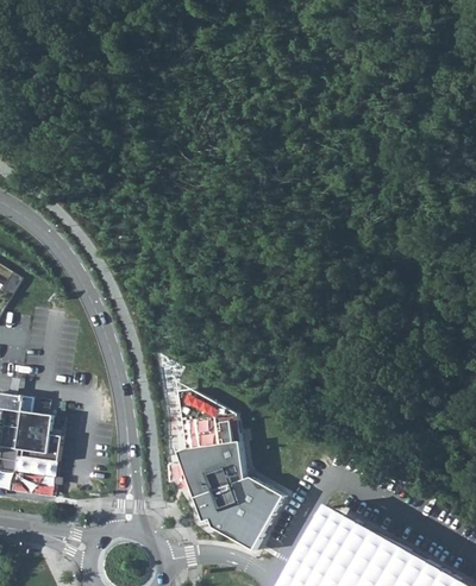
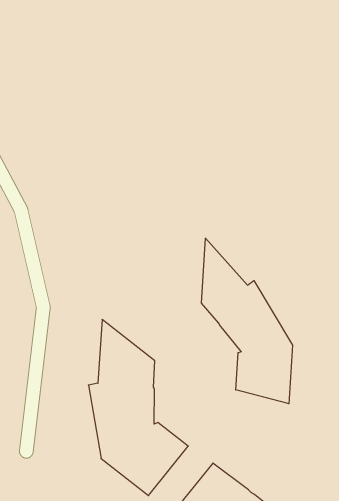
building: none -> [202,238,293,404]

